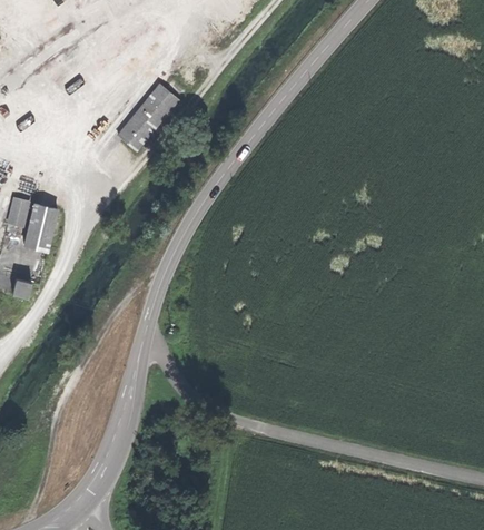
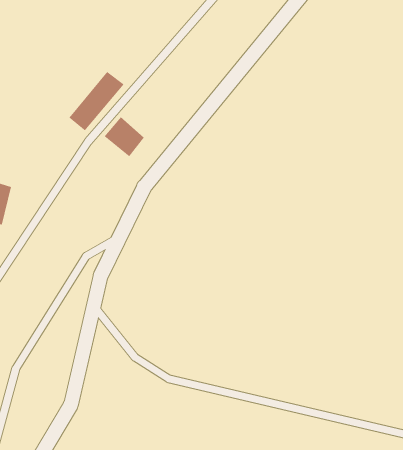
building: none -> [104,117,145,157]

